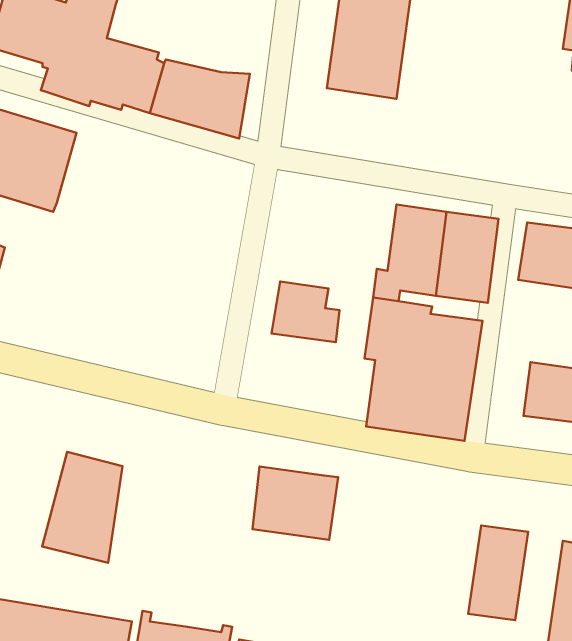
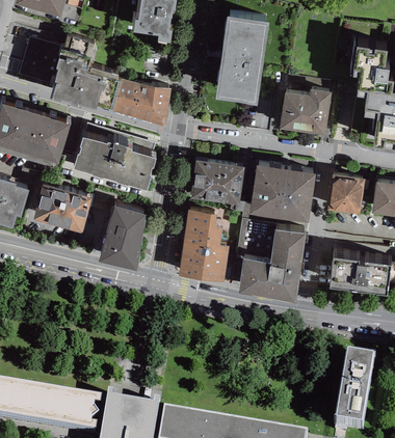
building: none -> [279,85,331,131]
building: none -> [73,131,156,185]
building: none -> [189,156,243,200]
building: none -> [32,180,91,227]
building: [42,452,122,563] -> [98,201,144,266]
building: [252,466,338,540] -> [179,236,229,278]
building: [468,525,528,620] -> none

